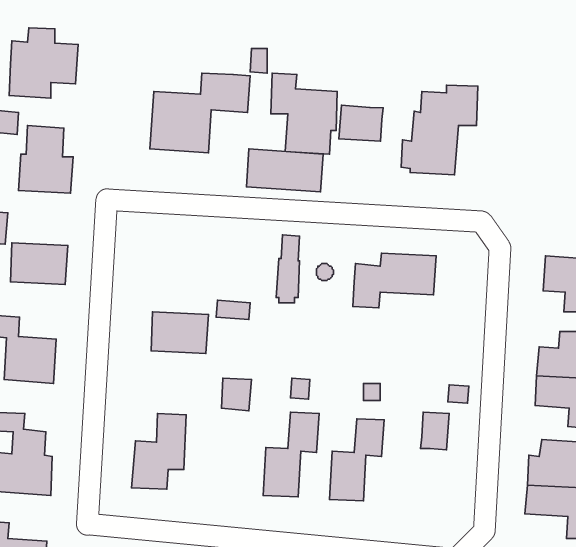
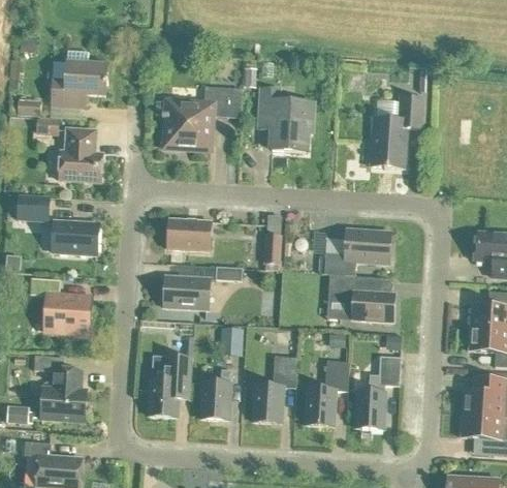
building: [339,105,383,141] -> none
building: [246,149,323,192] -> [167,218,228,252]
building: none -> [328,274,394,322]
building: none -> [201,369,230,420]
building: none -> [355,374,385,429]

